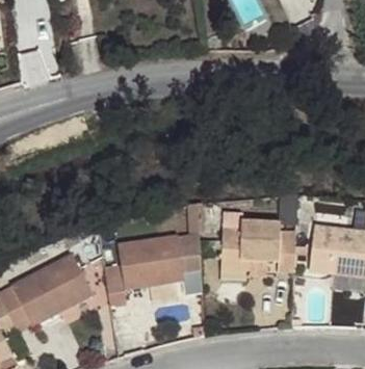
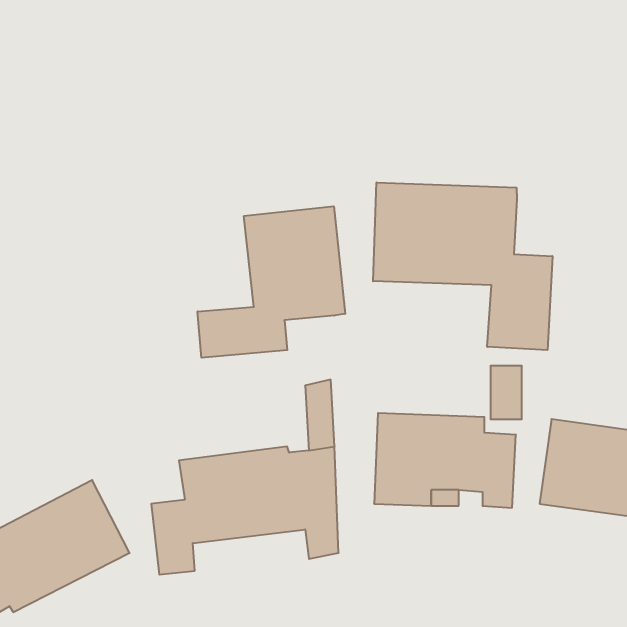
building: none -> [373,182,552,350]
building: none -> [198,206,345,358]

